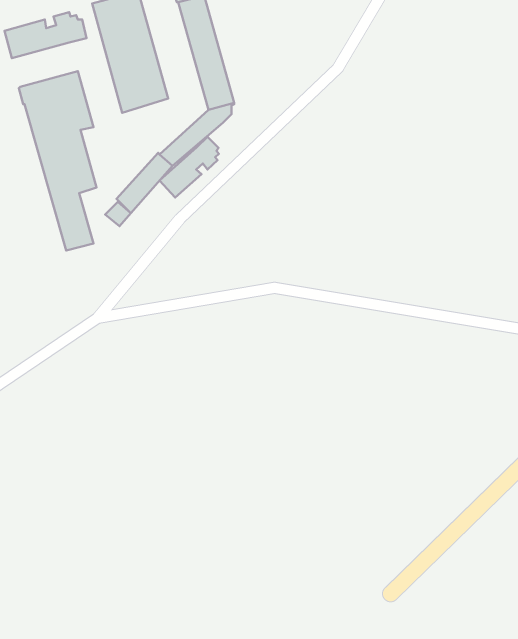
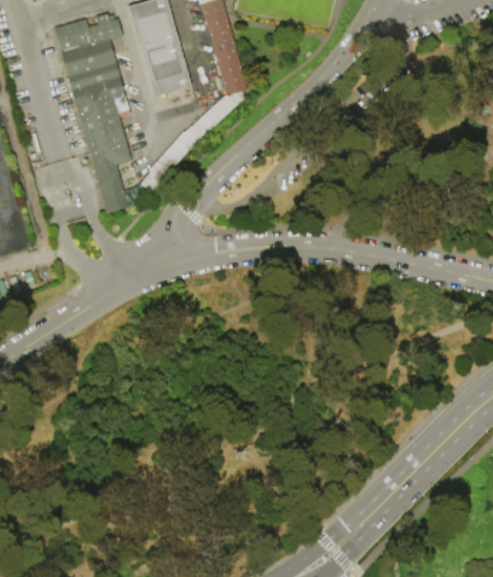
building: none -> [60,36,116,74]
building: [160,137,219,197] -> none

